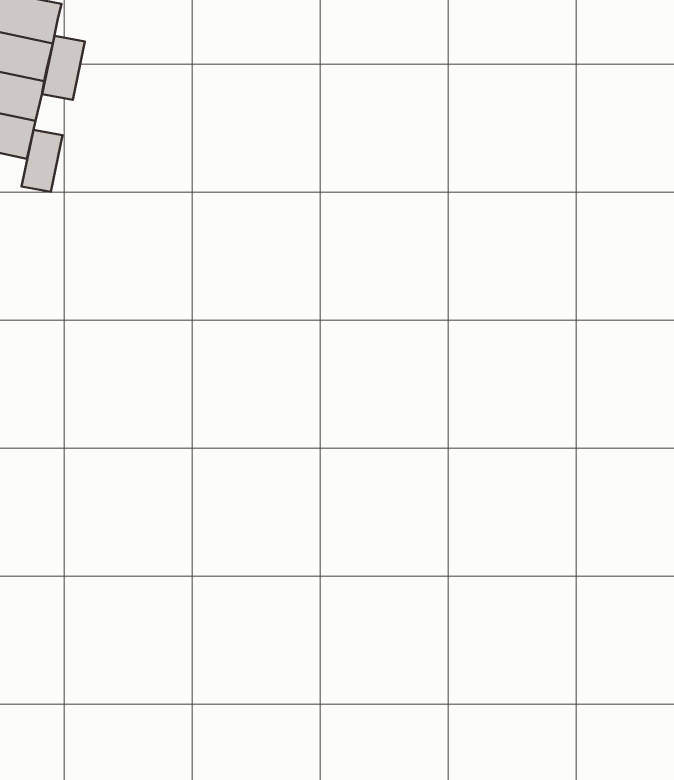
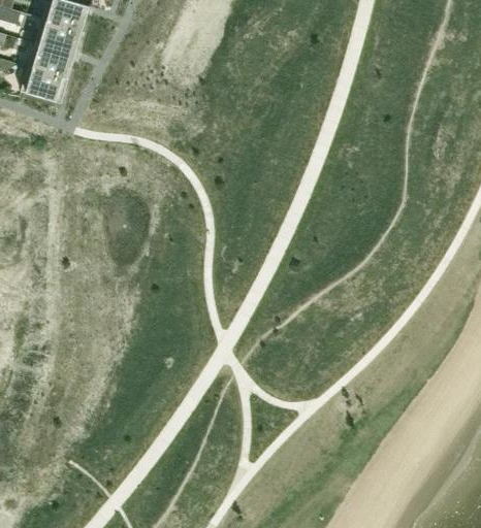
building: [42,36,85,100] -> none
building: [22,130,63,192] -> none

